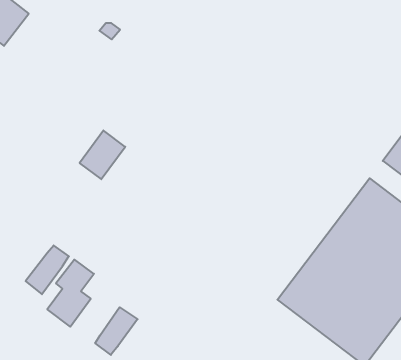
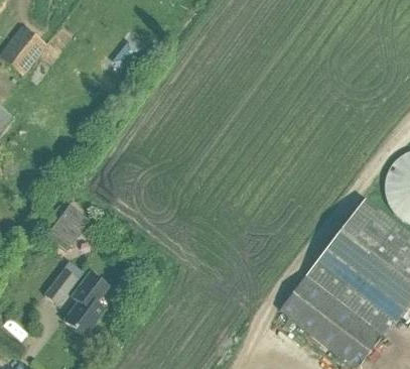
building: [80,130,125,179] -> [48,205,91,250]
building: [95,307,138,355] -> none

